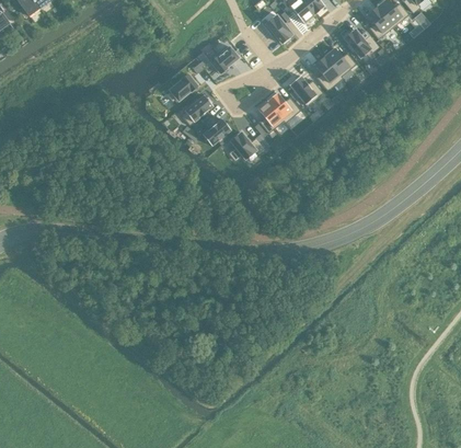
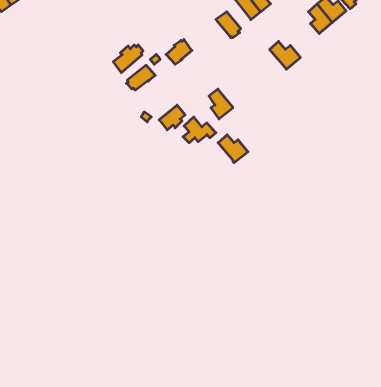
building: [343,27,378,57] -> none
building: [313,56,342,90] -> none
building: [288,74,322,105] -> none
building: [266,91,299,122] -> [218,135,248,163]
building: [180,94,212,125] -> [113,45,143,73]

